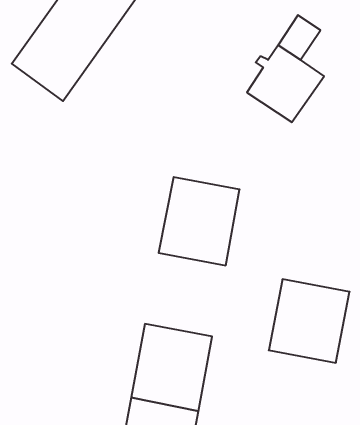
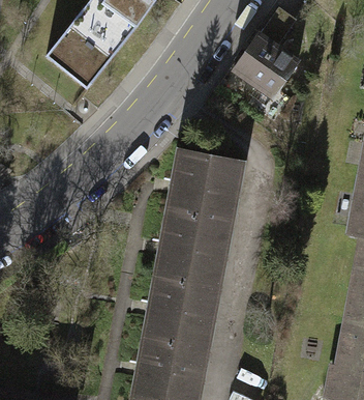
building: [269,279,350,363] -> [156,216,223,285]

